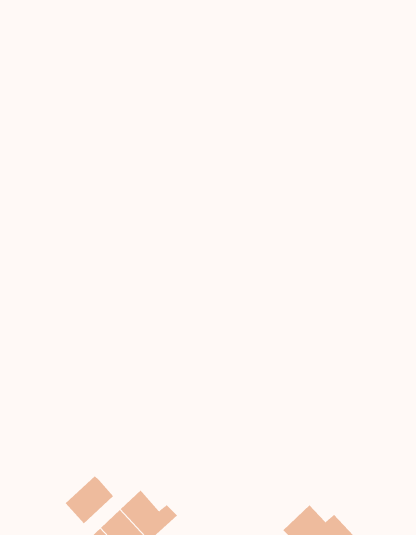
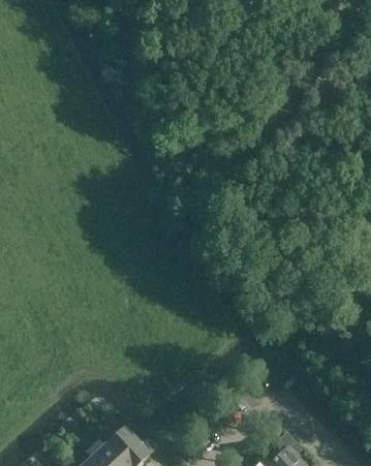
building: [65,475,114,524] -> none

